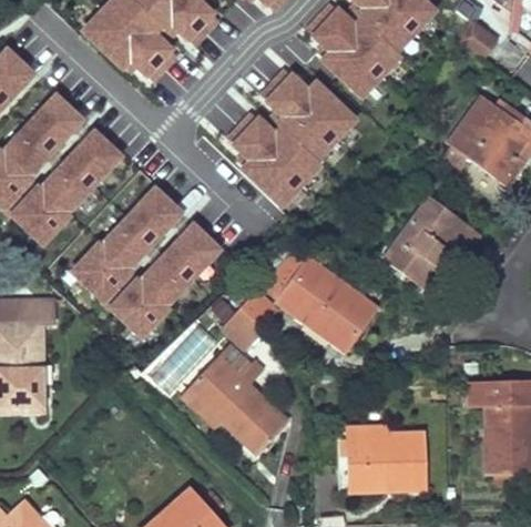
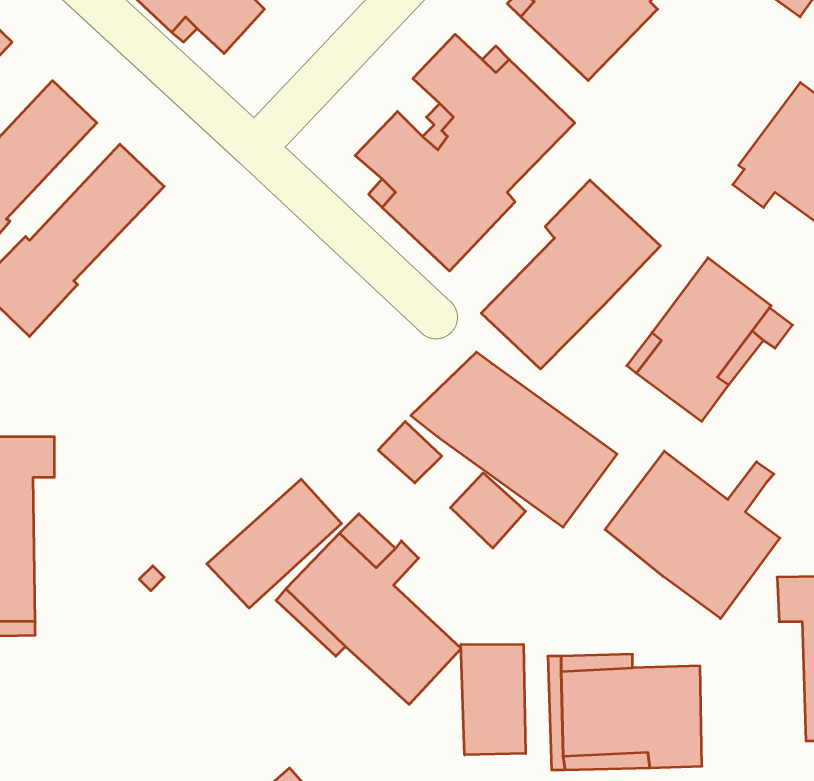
building: none -> [481,180,660,369]
building: [72,189,218,336] -> none
building: [223,307,266,351] -> [450,473,526,548]
building: none -> [605,451,780,619]
building: none -> [461,644,526,755]

